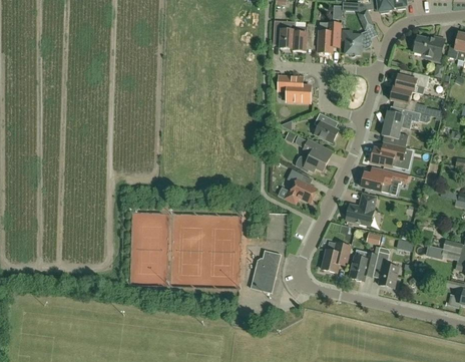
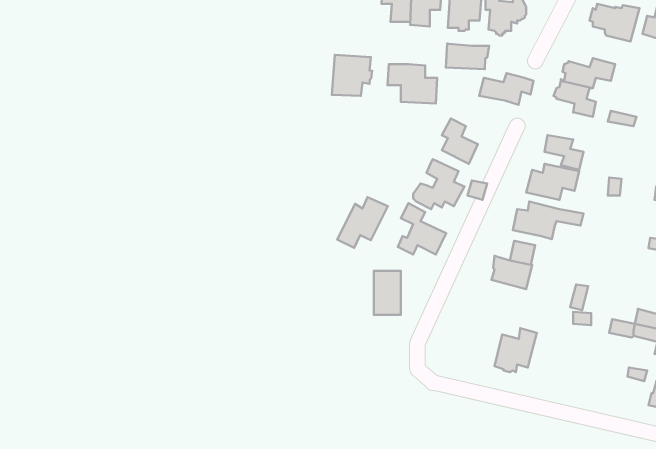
building: none -> [446,43,489,69]
building: none -> [332,55,372,96]
building: [384,107,420,128] -> [479,73,534,105]
building: none -> [337,197,388,248]
building: [322,242,350,271] -> none
building: [375,246,398,287] -> none
building: [256,249,281,292] -> none

